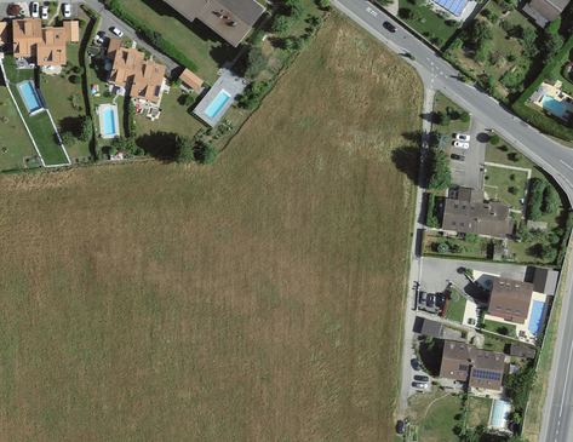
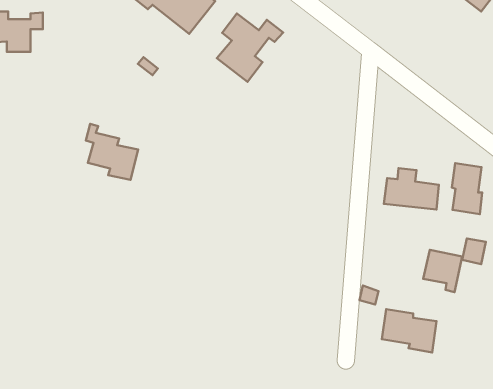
building: none -> [217,13,283,82]
building: [107,39,164,99] -> [86,124,138,180]
building: none -> [452,163,482,214]

